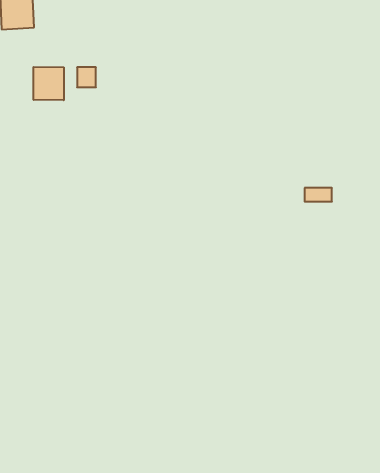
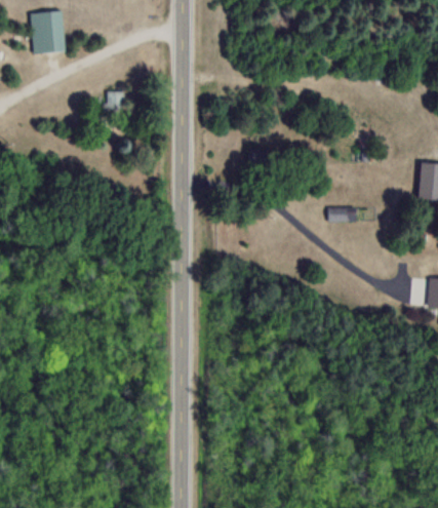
building: [34,67,64,100] -> none

